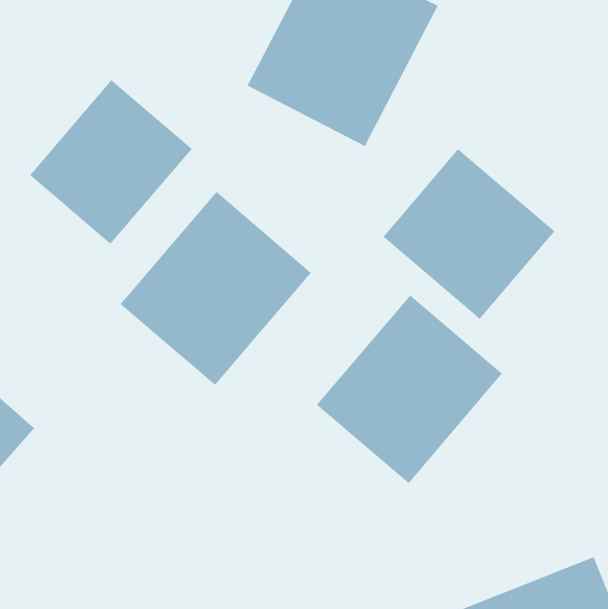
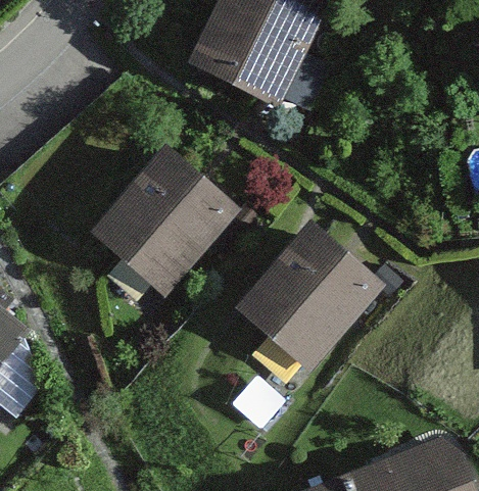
building: [29,79,193,245] -> none
building: [382,148,556,320] -> none

